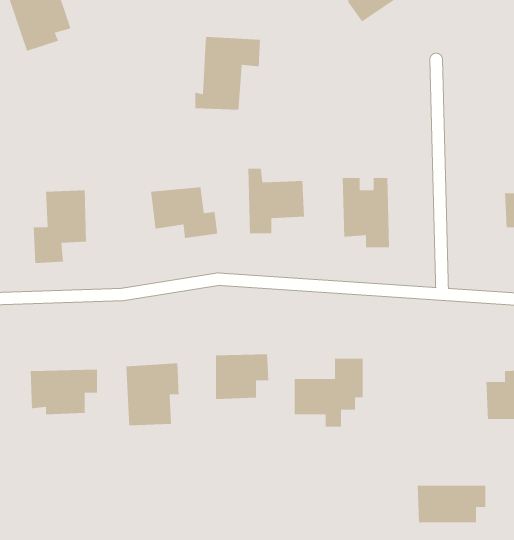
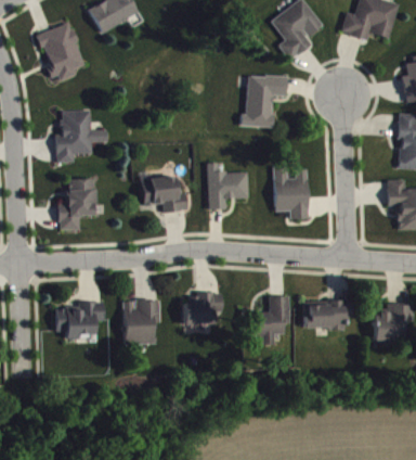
building: [194,36,261,110] -> [240,75,287,127]
building: none -> [55,110,106,163]
building: [417,485,486,523] -> [303,302,352,329]

